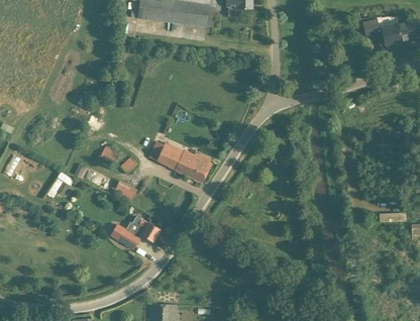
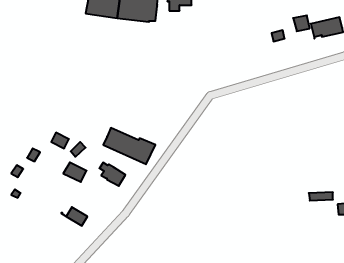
building: [132,217,161,242] -> [99,163,125,186]

